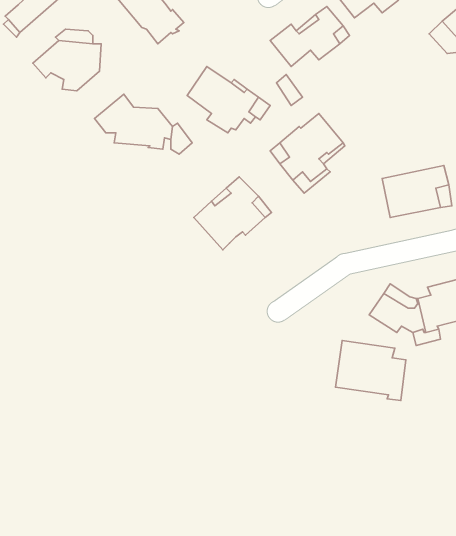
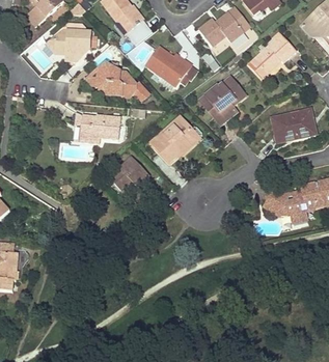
building: none -> [252,30,295,72]
building: none -> [81,114,120,143]
building: none -> [108,155,148,190]
building: [336,340,406,401] -> none

